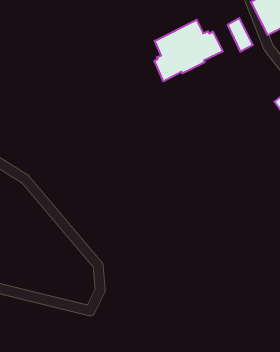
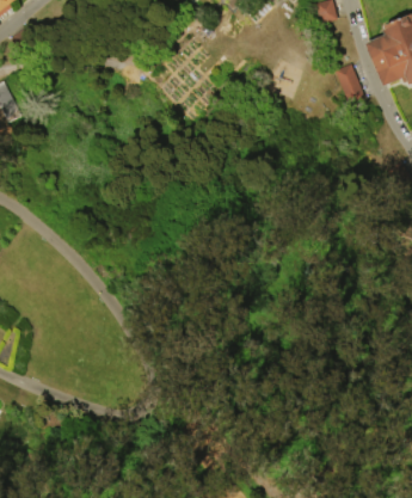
building: [154,20,223,81] -> none

